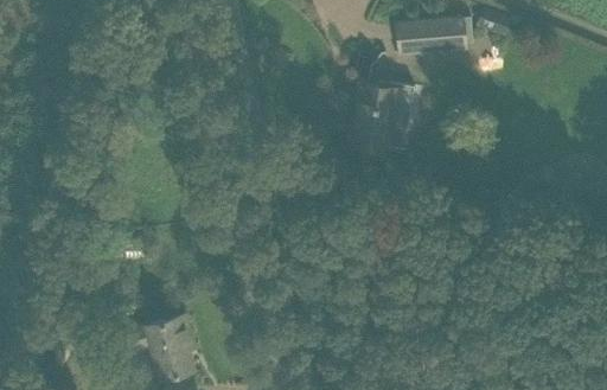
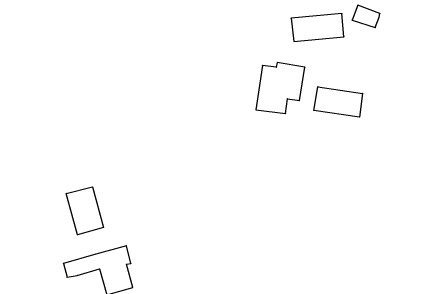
building: none -> [314,87,363,117]
building: none -> [66,187,104,235]

